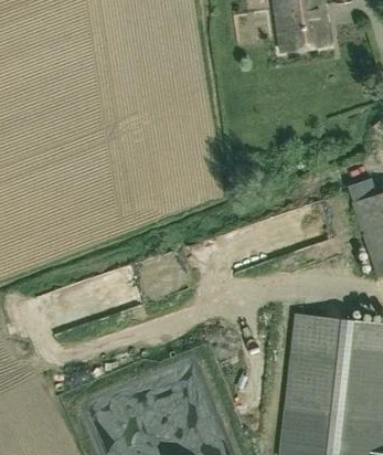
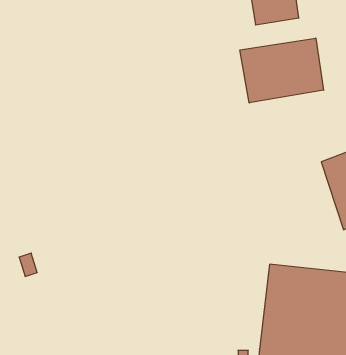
building: none -> [240,38,324,103]

